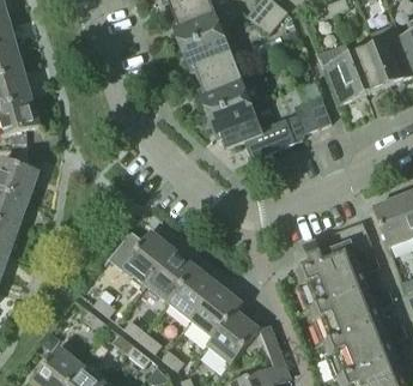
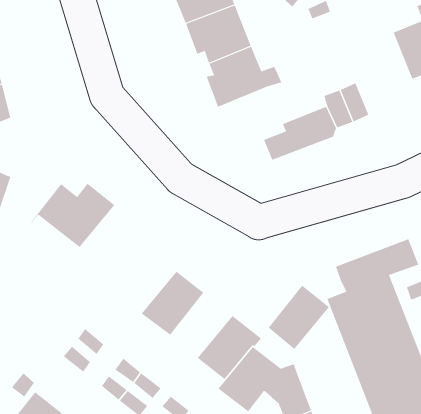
building: [317,42,365,103] -> none
building: [207,98,262,147] -> none
building: [104,229,174,283] -> [30,181,115,248]
building: [169,266,219,319] -> [268,285,330,350]

